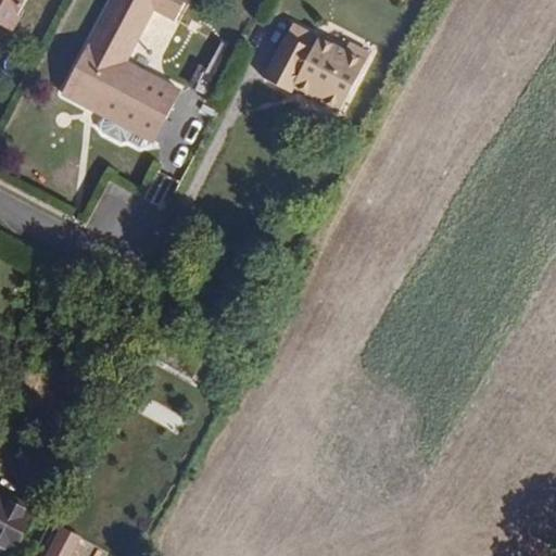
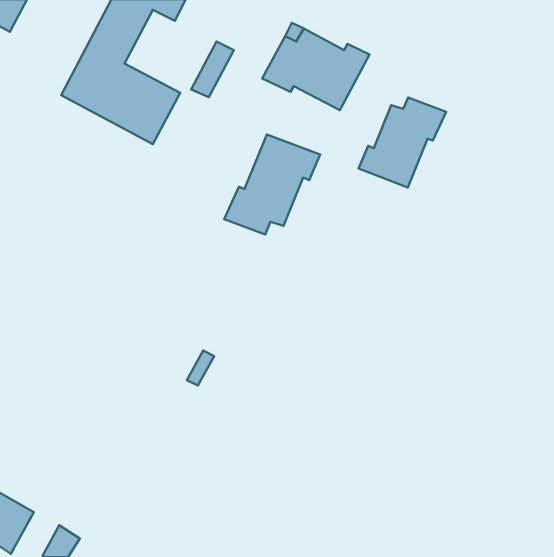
building: none -> [358,98,446,187]
building: none -> [224,134,320,234]

